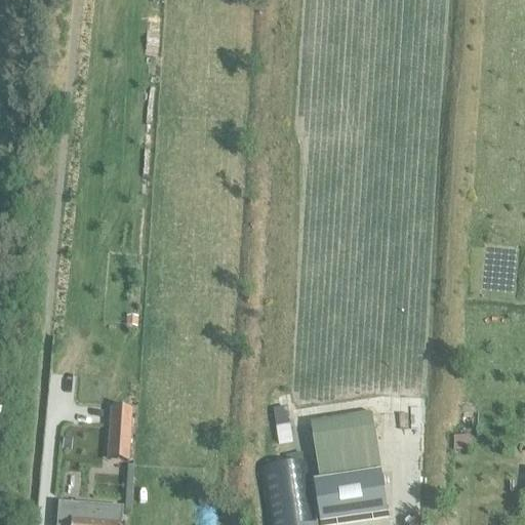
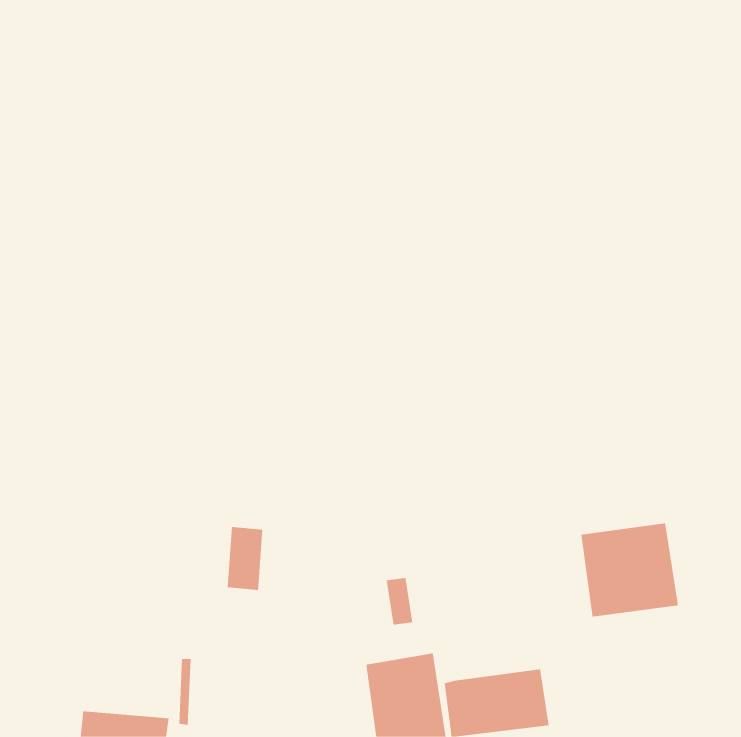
building: [107,407,132,452] -> [227,527,263,590]
building: [313,414,382,481] -> [580,523,679,617]

